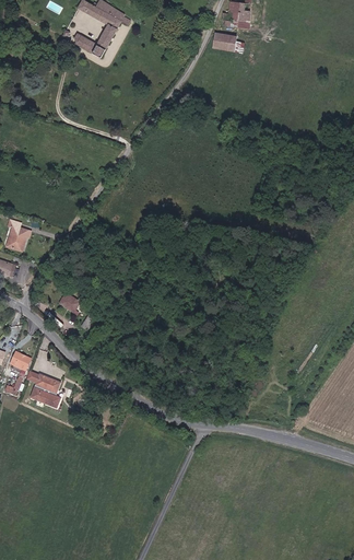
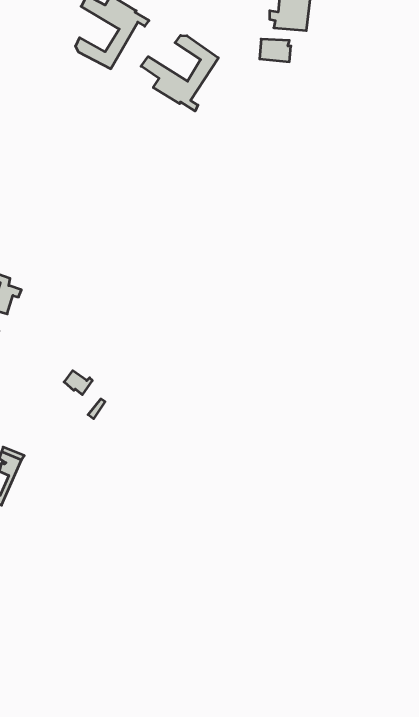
building: none -> [141,35,218,111]
building: [30,373,62,409] -> none

